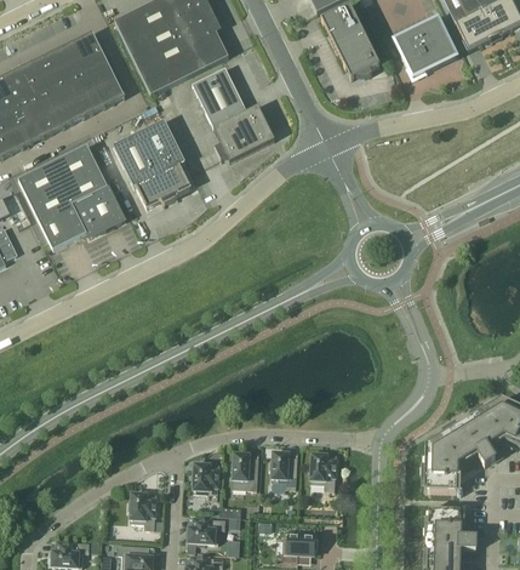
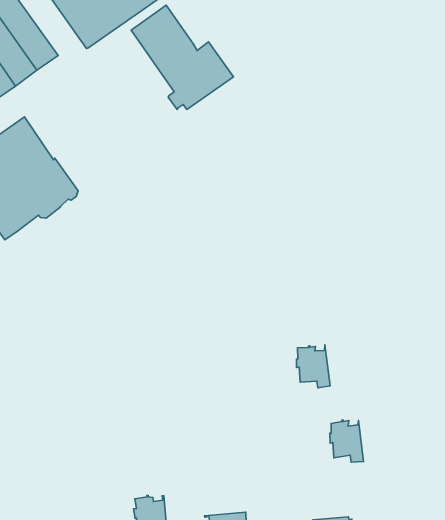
building: [113,119,190,207] -> none
building: [230,450,258,489] -> none
building: [269,450,297,488] -> [296,345,330,388]
building: [192,461,219,500] -> none

